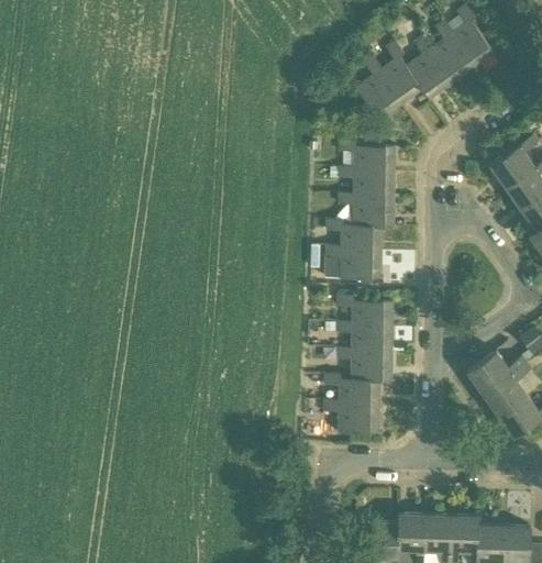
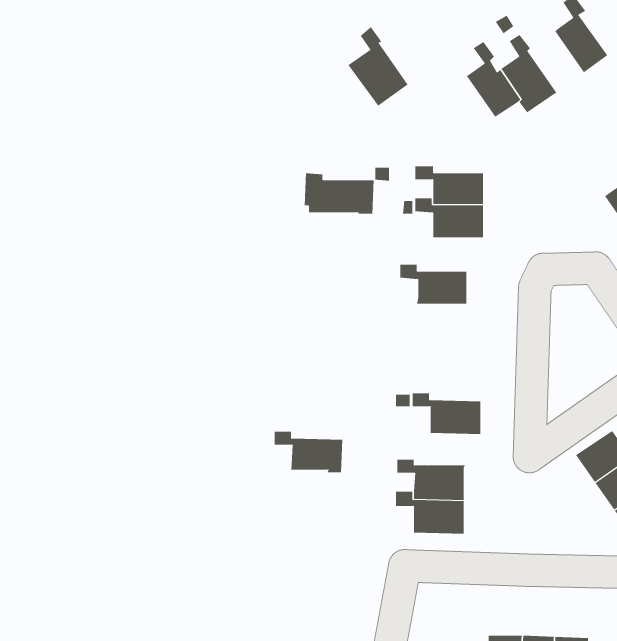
building: [429,21,473,82] -> none
building: [354,56,402,120] -> [348,26,408,107]
building: [338,192,394,225] -> [304,173,375,214]
building: [325,245,380,278] -> none
building: [338,295,391,328] -> none
building: [336,347,391,380] -> [274,431,343,473]

